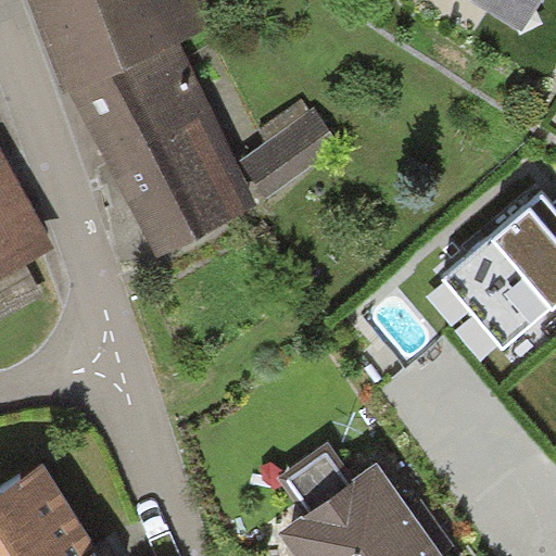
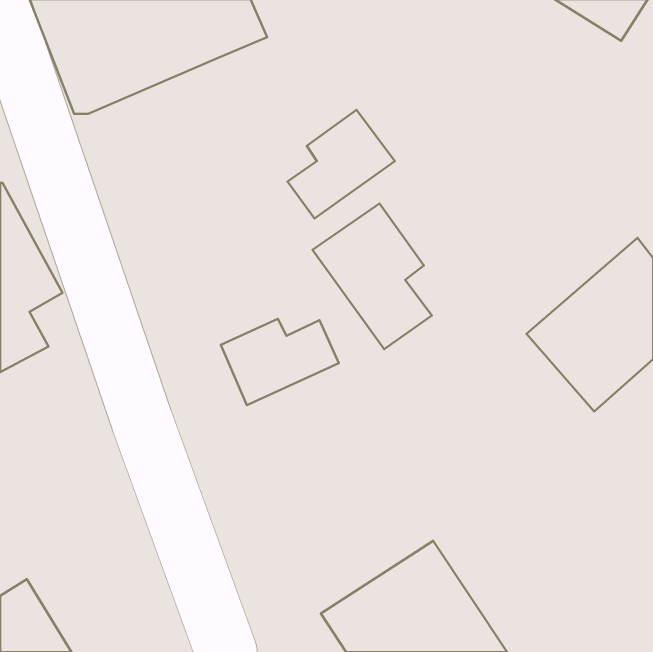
building: [75,50,256,264] -> none
building: none -> [312,204,432,349]
building: none -> [221,319,339,405]

